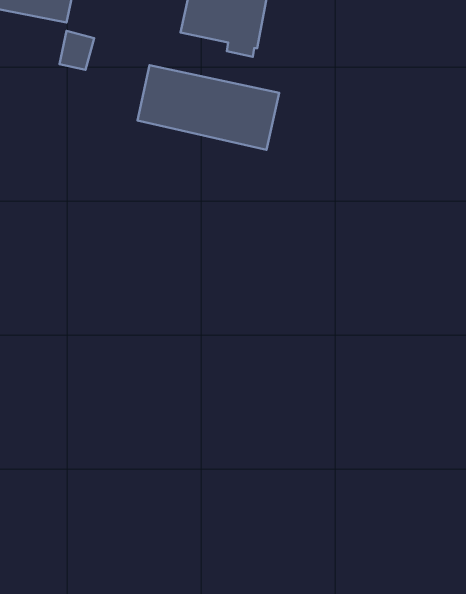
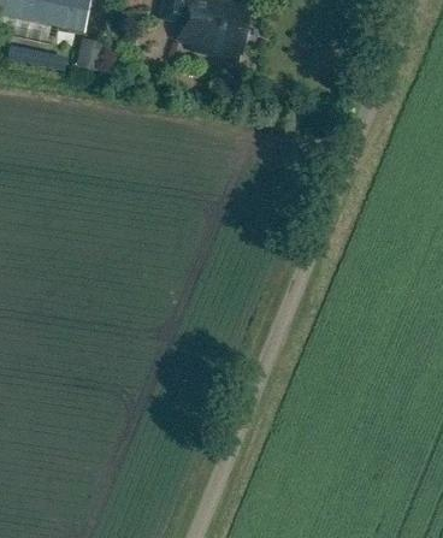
building: [137,65,279,150] -> none

